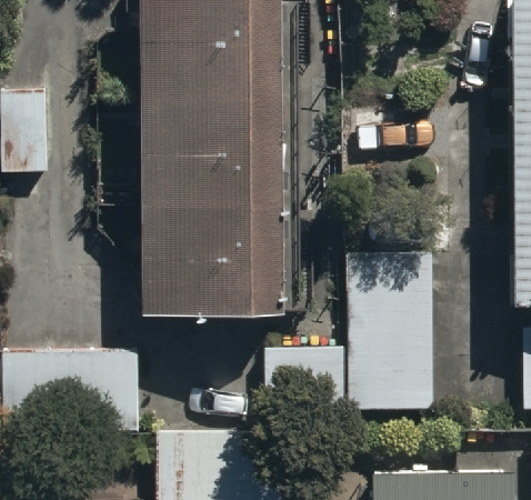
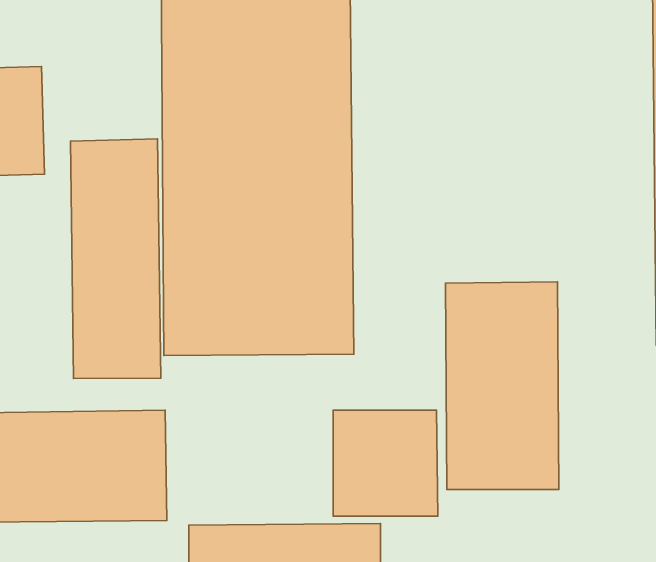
building: none -> [70,139,161,379]

